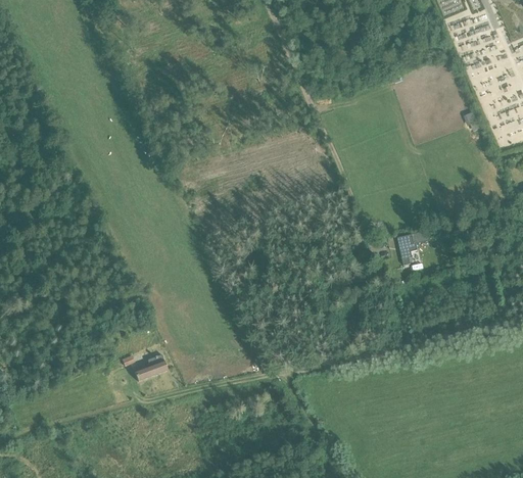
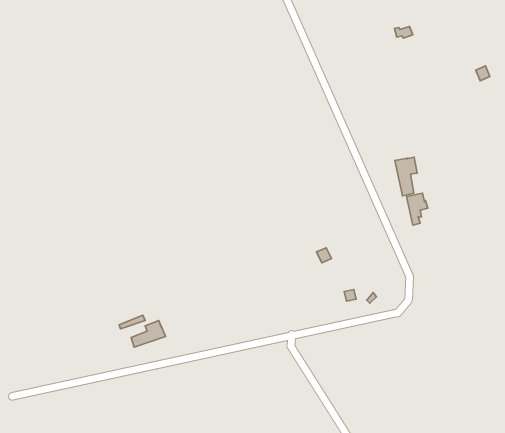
building: none -> [395,157,417,196]

